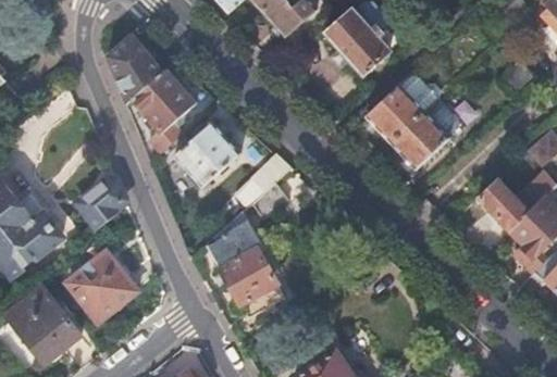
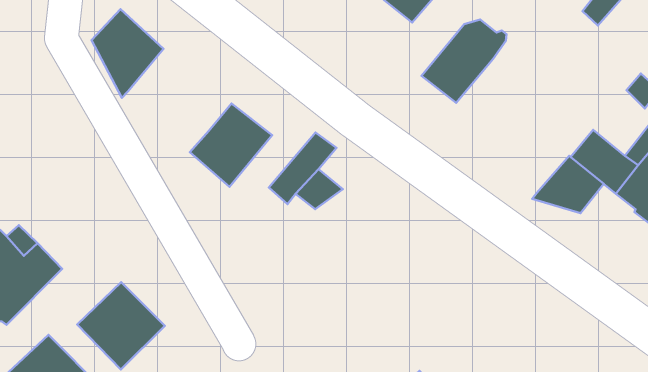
building: [129,67,194,151] -> none
building: [391,111,449,167] -> none
building: [77,178,123,228] -> none
building: none -> [532,156,604,213]
building: [206,212,284,318] -> none

